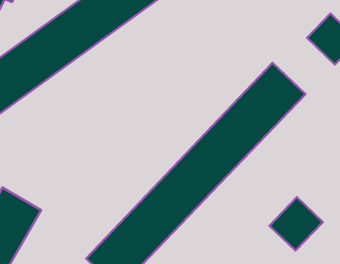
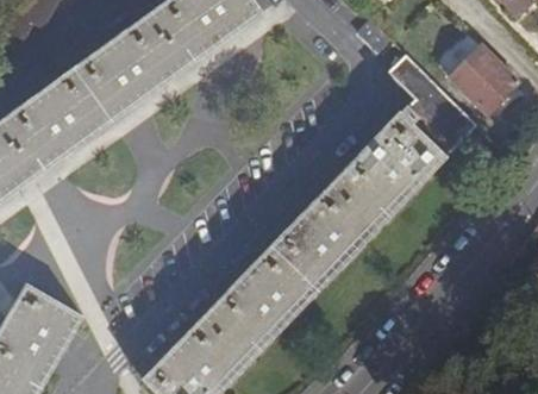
building: none -> [387,54,475,154]
building: [270,197,323,251] -> none

